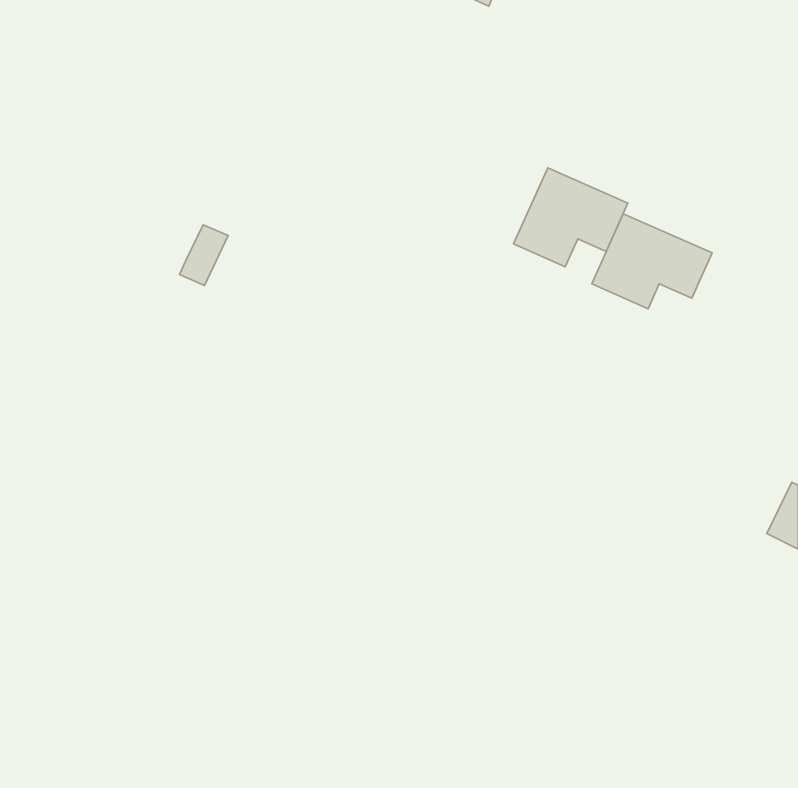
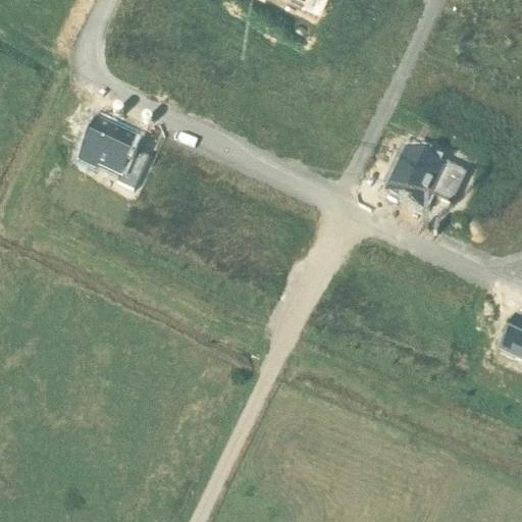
building: [513,168,628,267] -> none
building: none -> [83,121,136,170]

